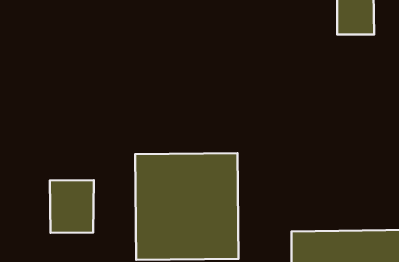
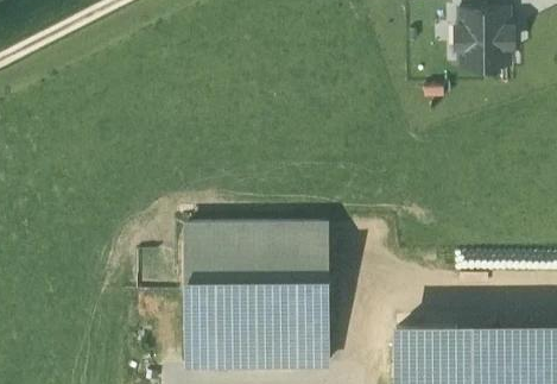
building: [50,180,94,233] -> none

